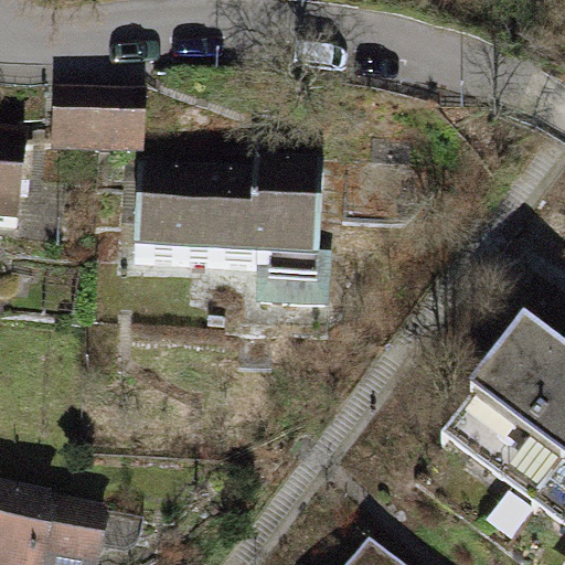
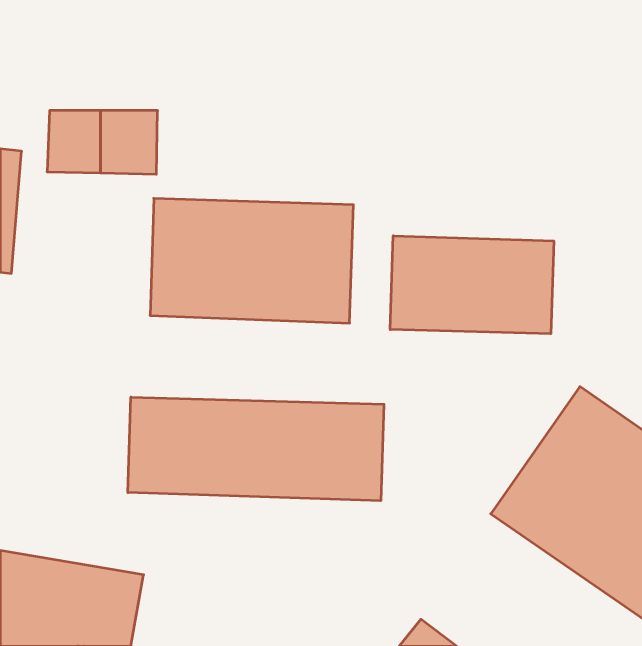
building: none -> [390,236,554,334]
building: none -> [128,397,384,501]

